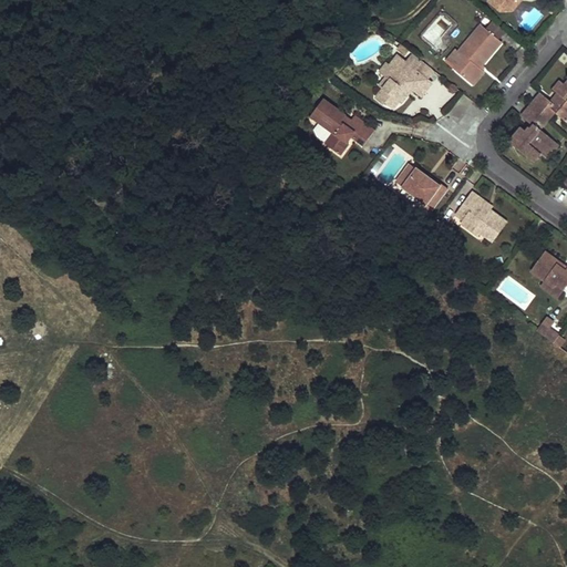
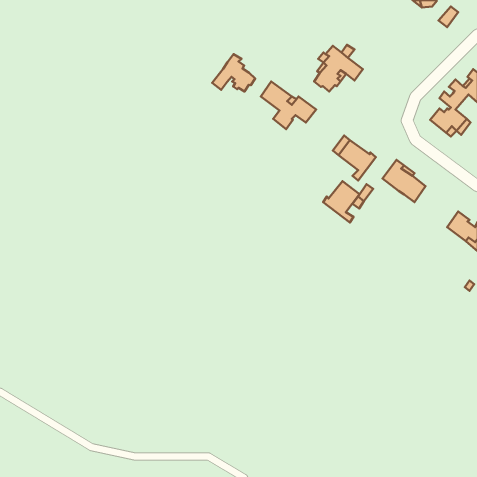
building: [453,24,501,83] -> none
building: none -> [212,54,255,92]
building: none -> [323,181,360,222]

